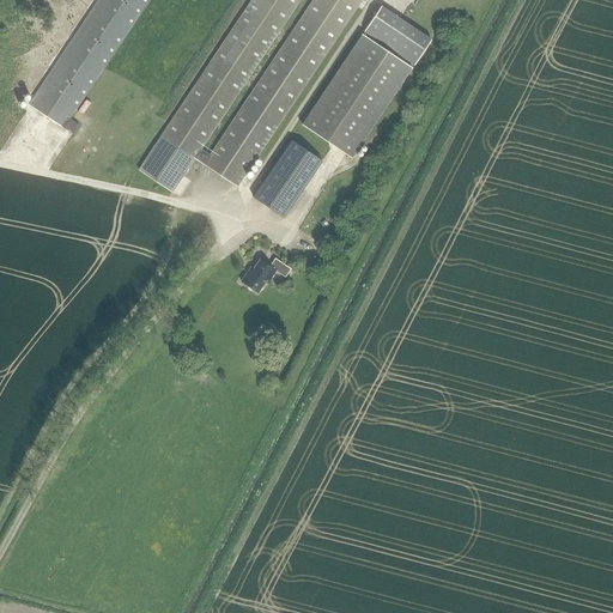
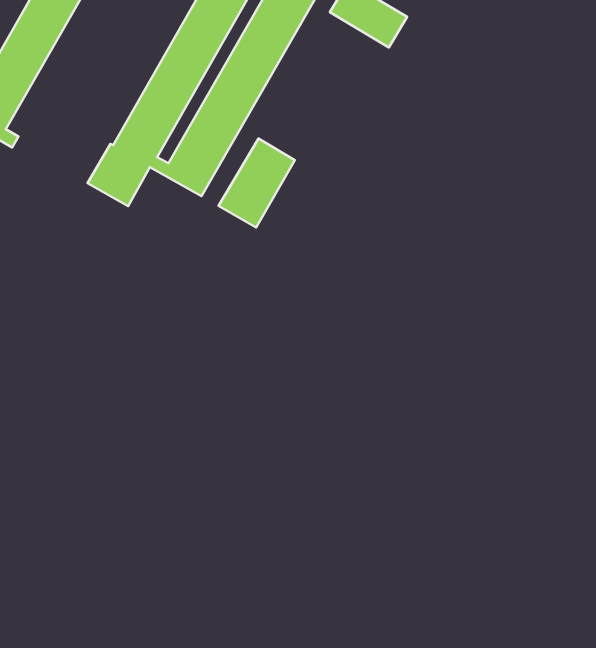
building: [302,35,411,157] -> none
building: [239,257,291,292] -> none

